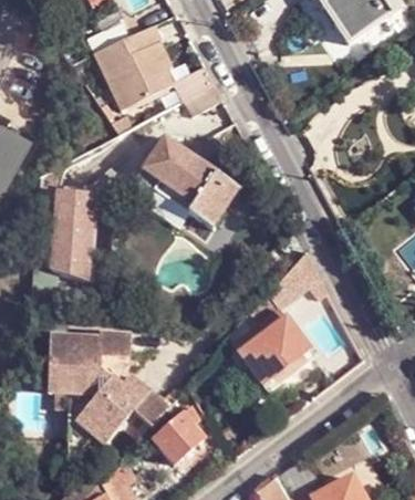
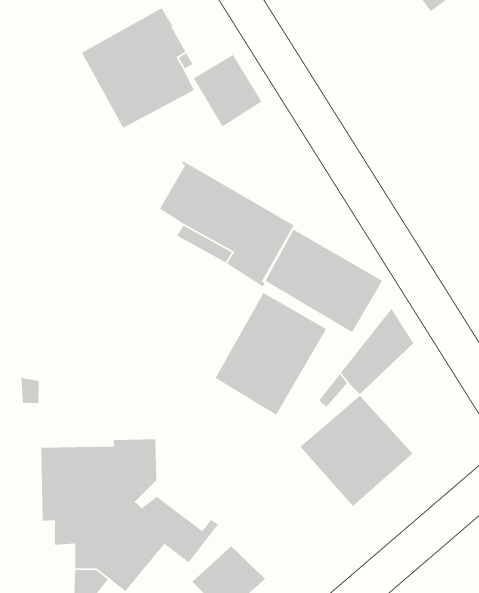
building: [50,187,92,274] -> none
building: none -> [264,228,383,333]
building: none -> [214,292,327,416]

